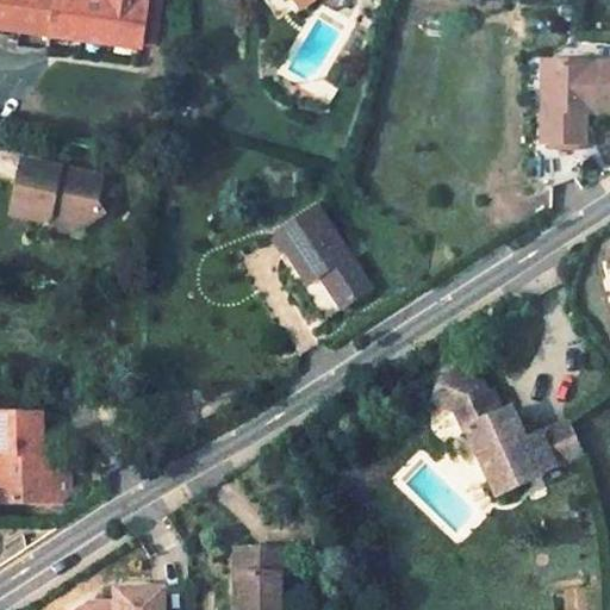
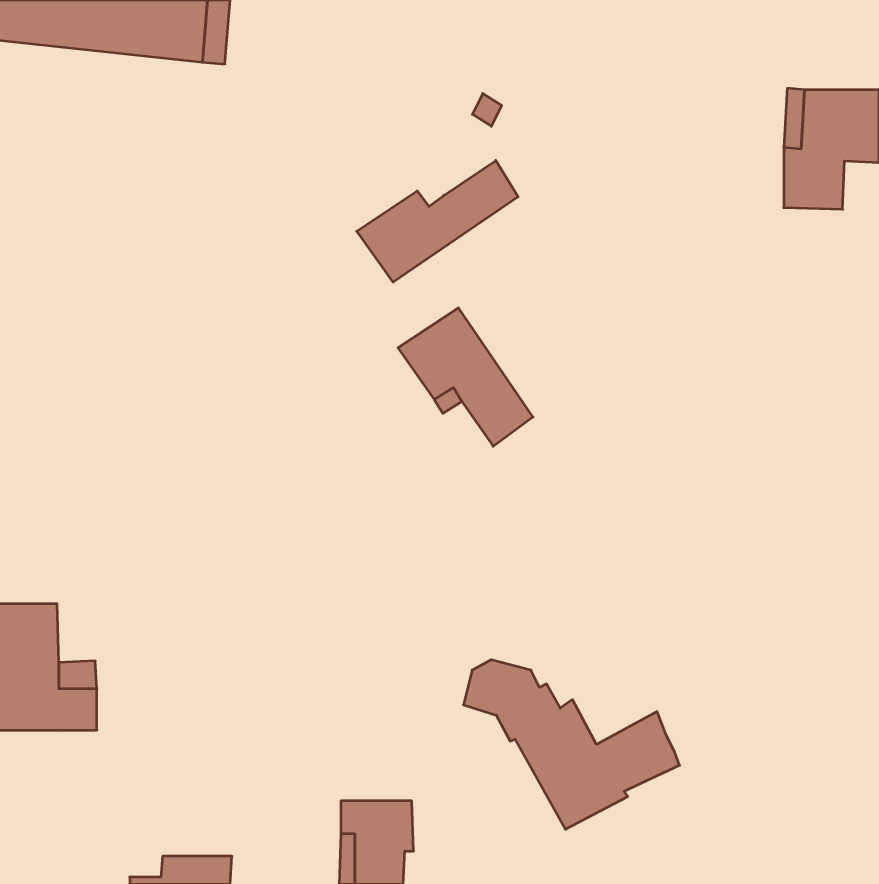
building: none -> [357,160,518,282]
building: [8,157,100,229] -> none
building: [435,385,584,502] -> [463,660,680,829]

